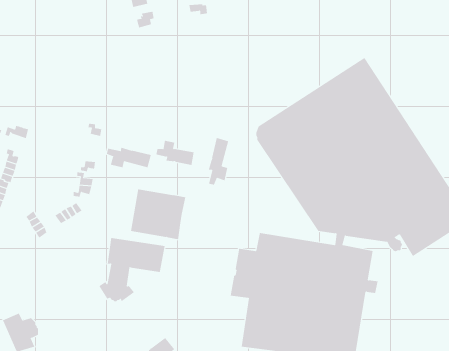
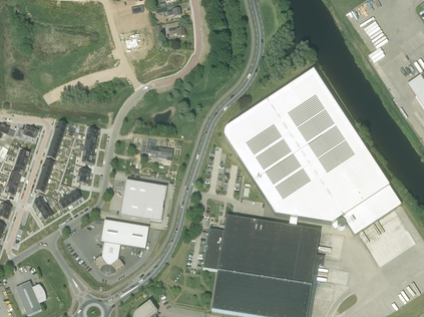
building: [208,137,229,185] -> none
building: [106,147,151,168] -> none

